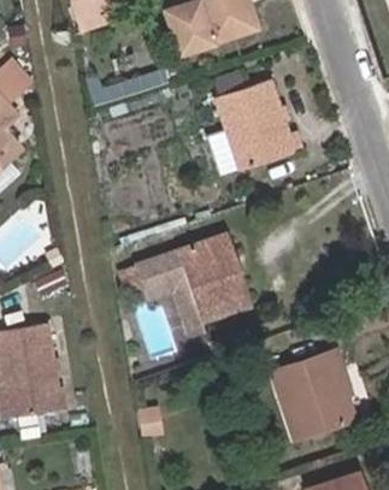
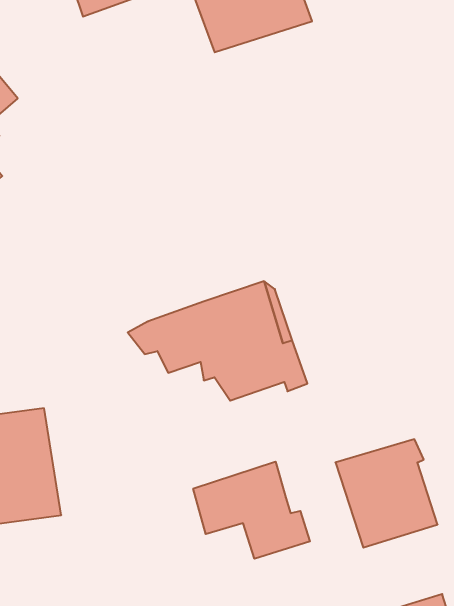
building: [219,79,300,169] -> none
building: none -> [193,462,310,559]

